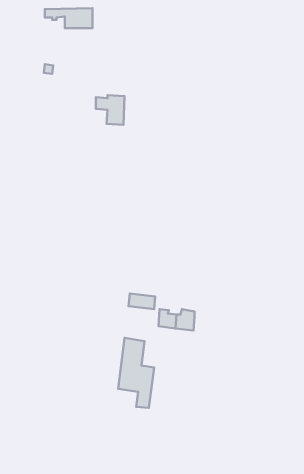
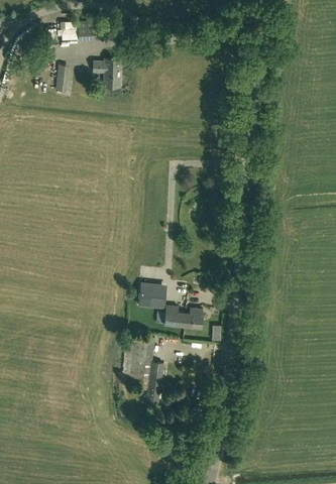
building: [96,95,125,125] -> [92,57,119,86]

